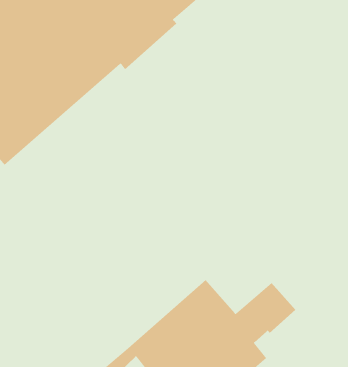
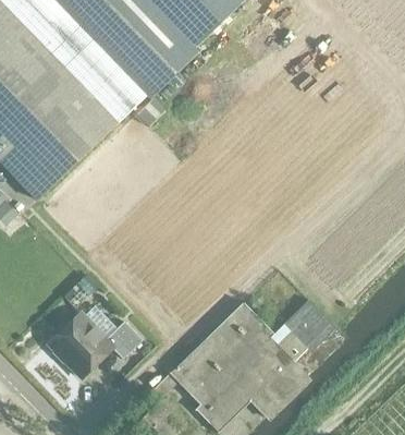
building: none -> [50,306,142,374]

